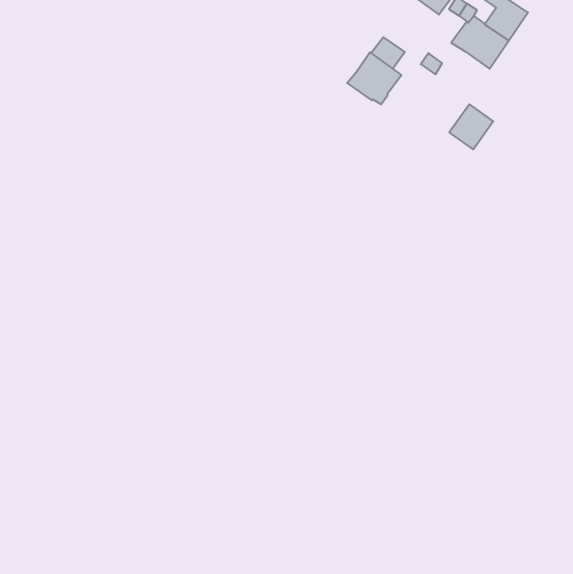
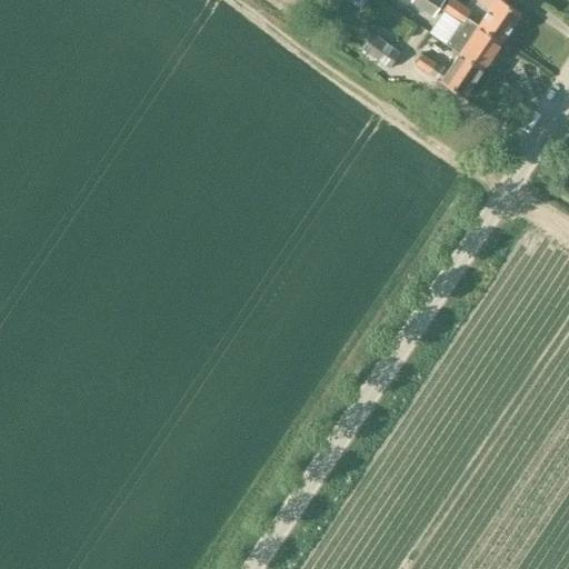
building: [347,52,401,105] -> none
building: [449,104,493,149] -> [442,51,486,96]

